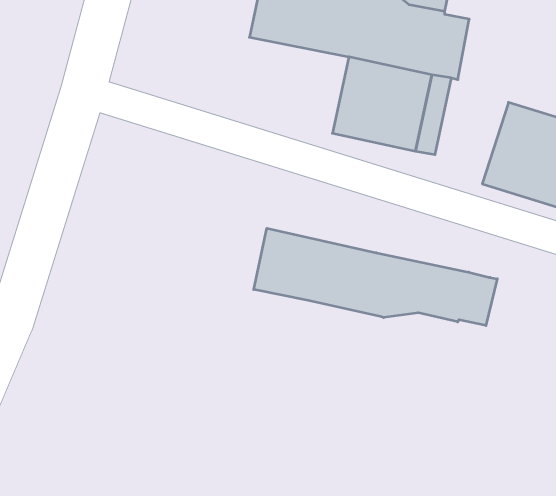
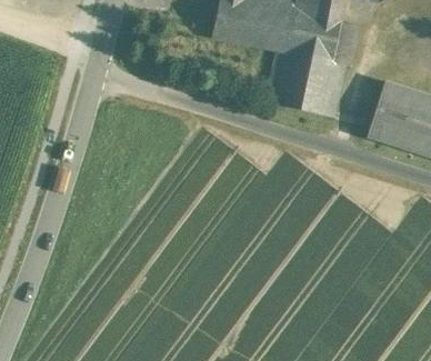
building: [254,228,497,326] -> none

